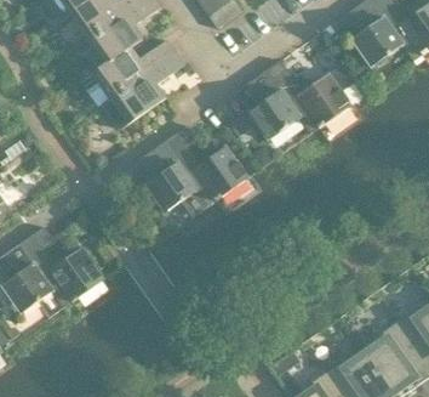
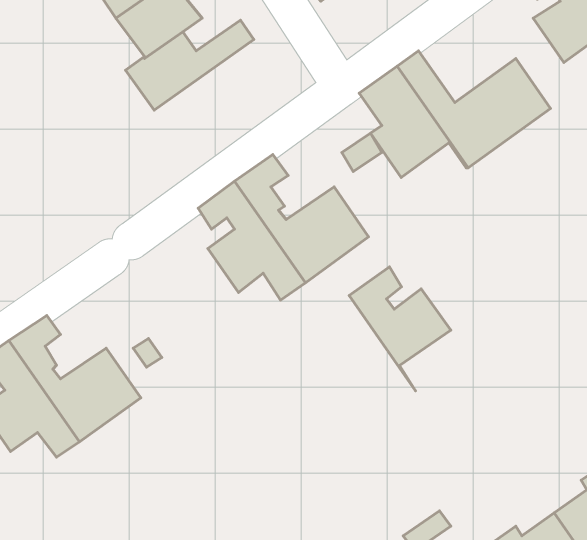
building: [102,51,183,129] -> none
building: none -> [349,267,451,391]

